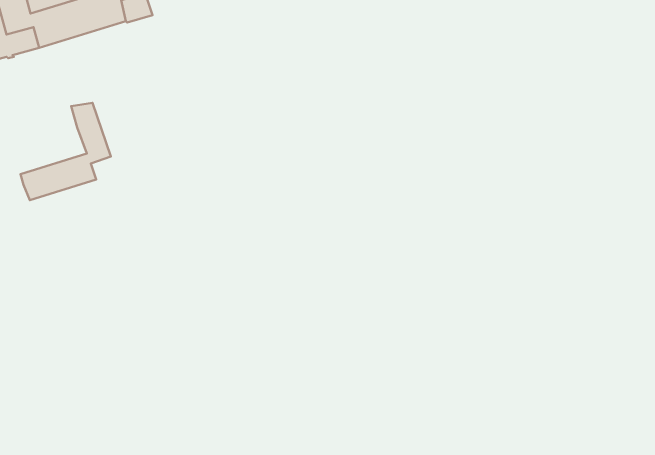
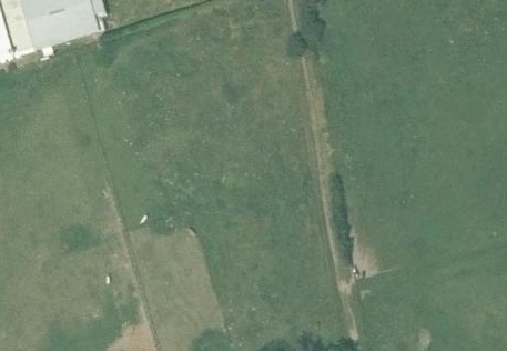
building: [20,103,111,200] -> none

